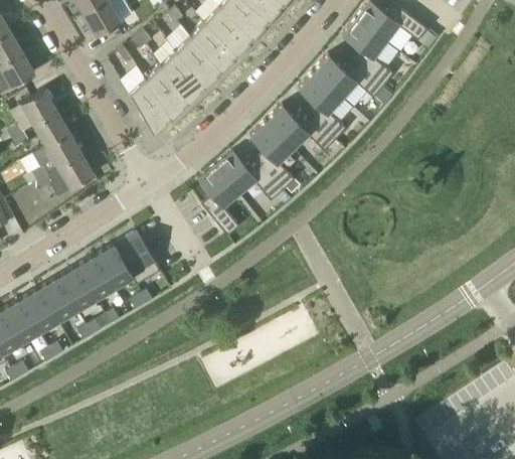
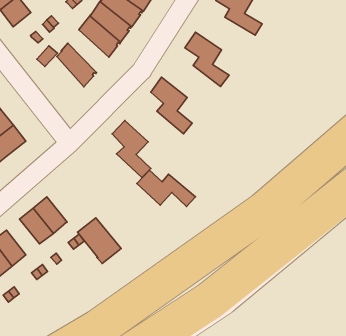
building: [160,51,206,105] -> none
building: [313,55,383,99] -> none
building: [129,80,172,136] -> none
building: [266,106,334,153] -> none
building: [215,152,283,201] -> [137,170,195,207]
building: [111,231,160,286] -> [77,218,121,264]
building: [57,267,95,310] -> none

